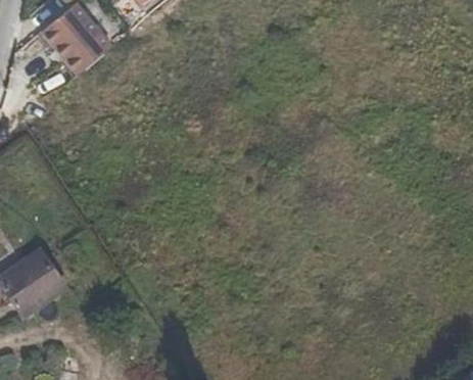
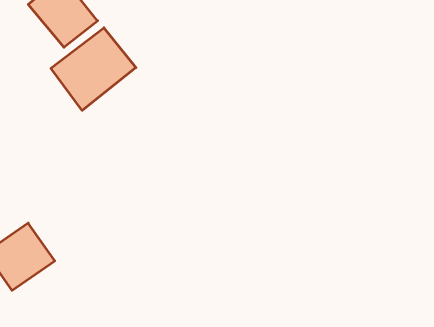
building: none -> [51,28,136,110]

